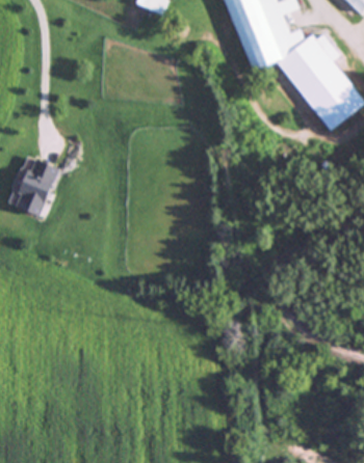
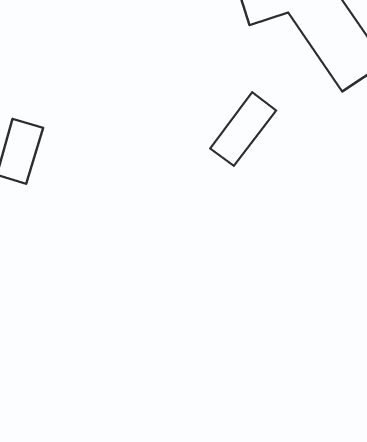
building: none -> [210,92,276,166]

